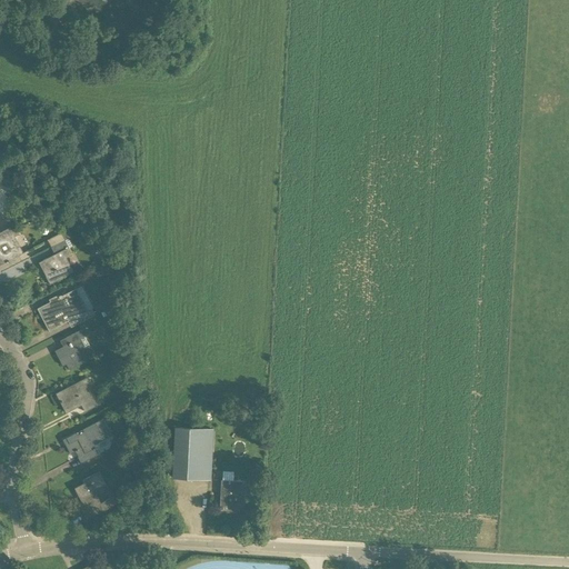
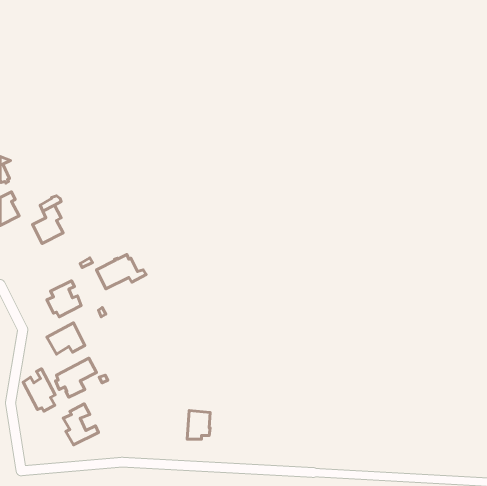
building: [38,290,96,330] -> [96,254,146,289]
building: [173,426,213,479] -> none
building: none -> [23,369,55,411]

